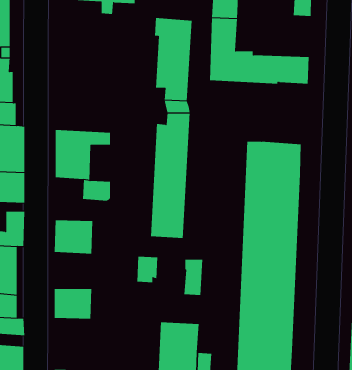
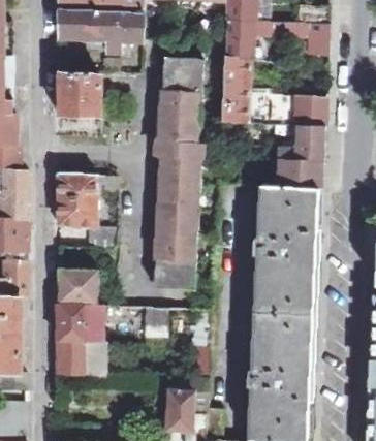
building: none -> [58,72,98,116]
building: none -> [275,124,324,189]
building: none -> [57,303,107,341]

